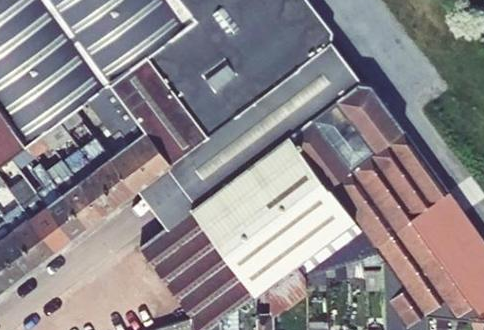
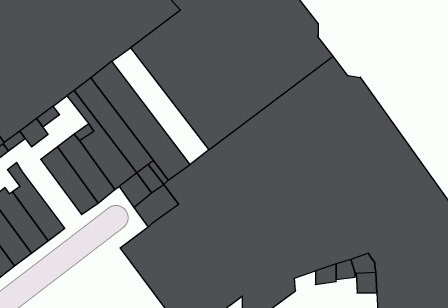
building: [132,57,225,169] -> none
building: [46,162,103,230] -> none

